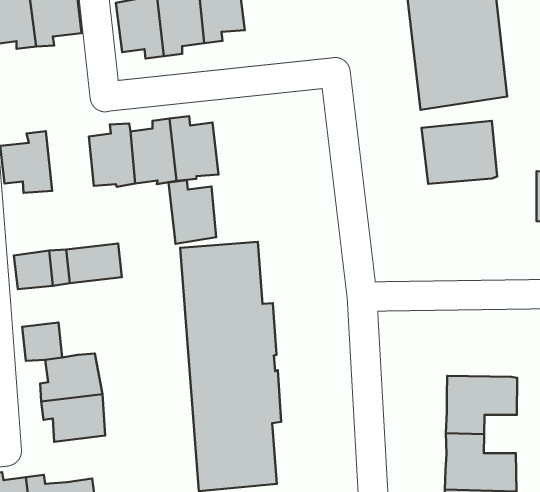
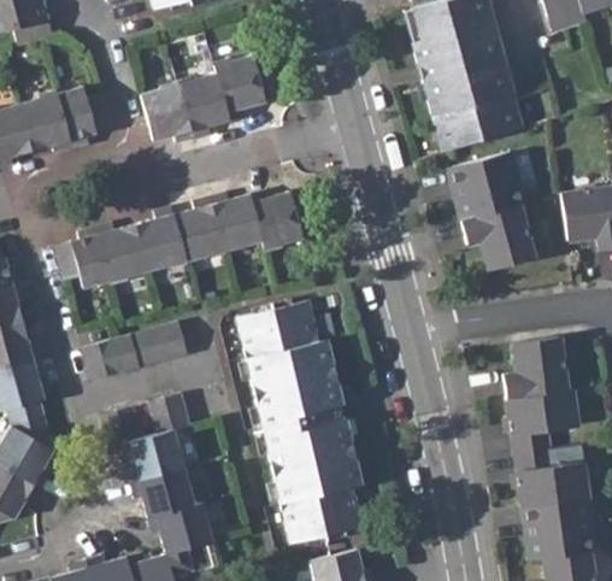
building: none -> [93,222,146,284]
building: none -> [460,206,532,270]
building: [168,180,216,244] -> [248,189,301,251]
building: none -> [147,393,189,433]
building: none -> [502,338,566,399]
building: none -> [146,503,212,554]

